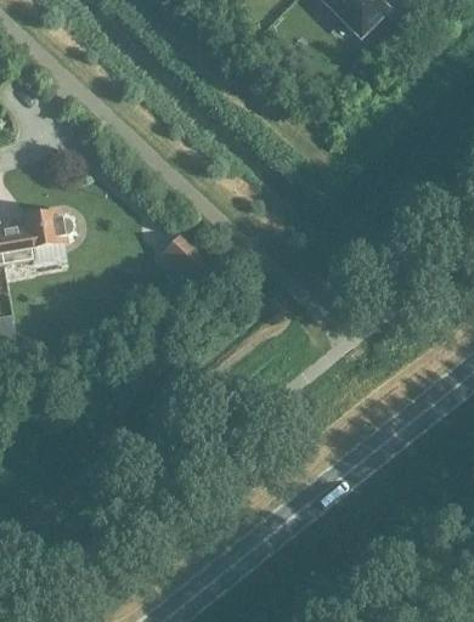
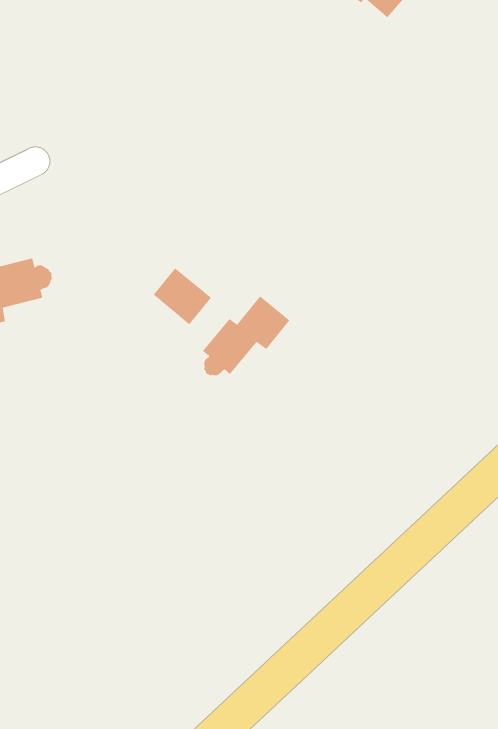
building: none -> [202,295,290,376]

